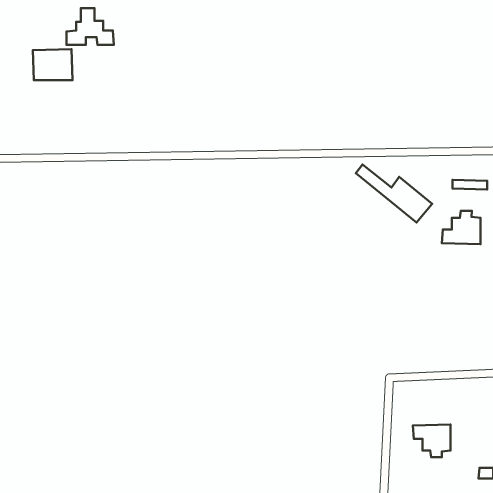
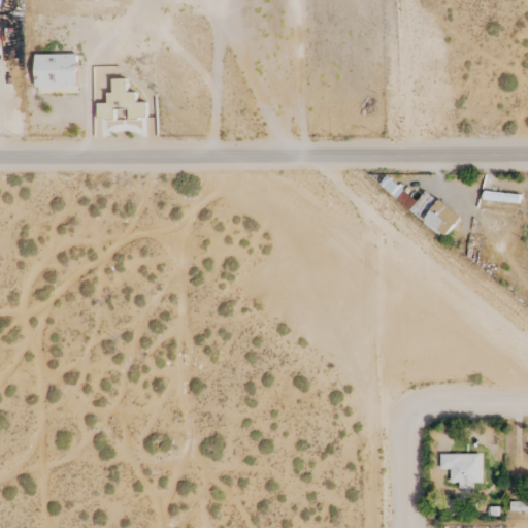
building: [66,8,114,45] -> [97,78,147,118]
building: [442,211,481,244] -> none

